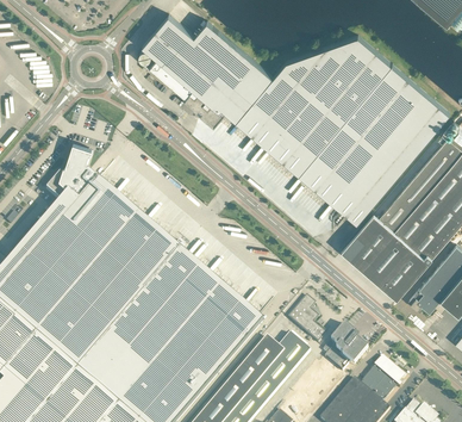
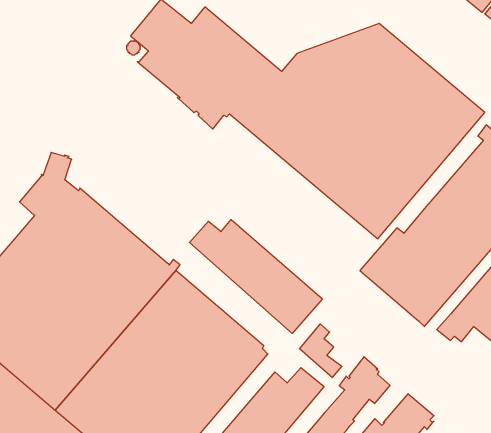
building: none -> [189,220,322,333]

